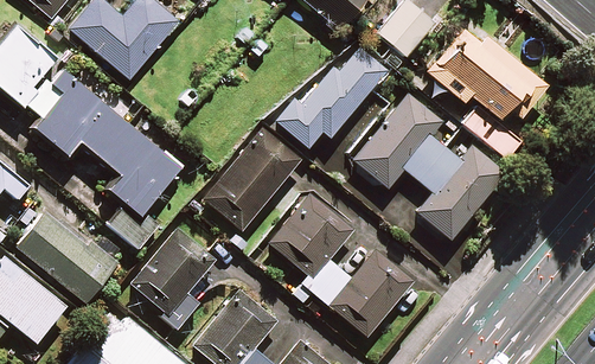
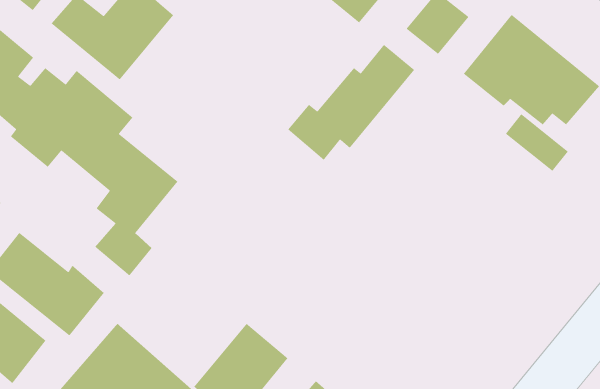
building: [353,95,505,240] -> none
building: [204,129,300,231] -> none
building: [269,193,410,337] -> none
building: [129,230,212,326] -> none

